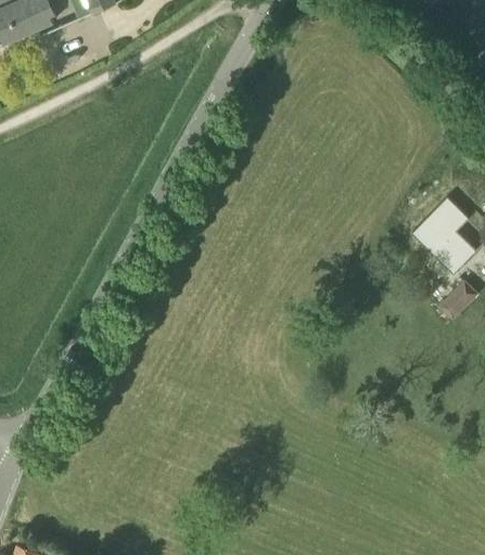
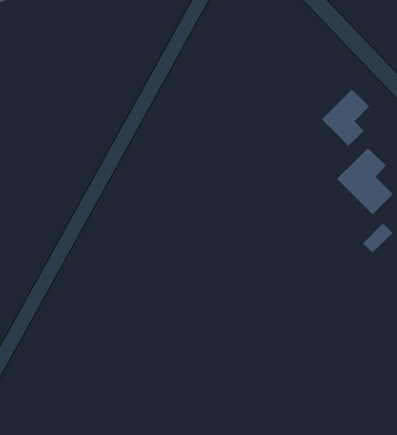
building: none -> [321,89,370,146]

